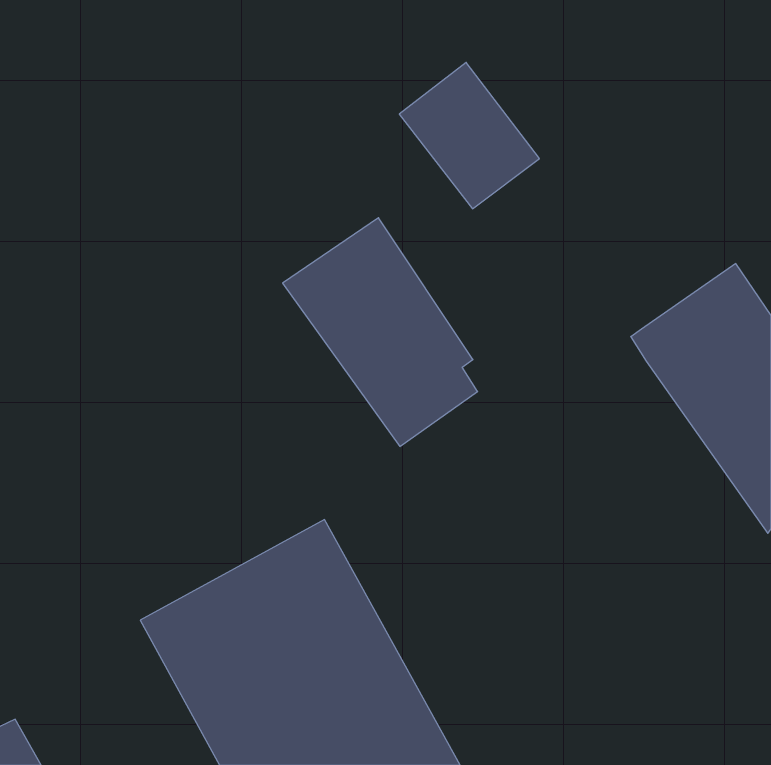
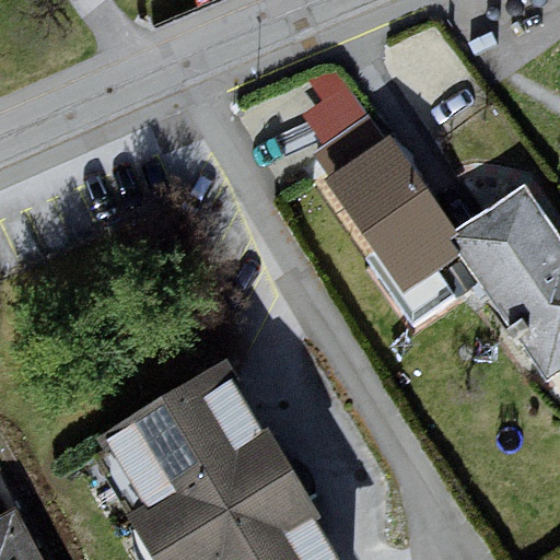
building: [283,218,478,446] -> [324,135,464,299]

